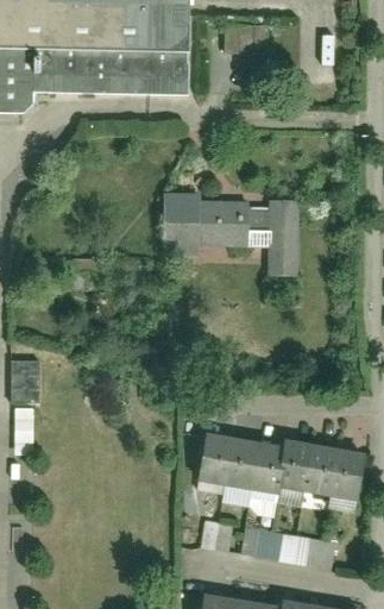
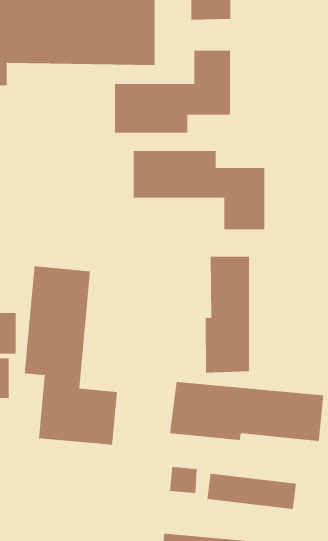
building: none -> [115,50,230,133]
building: none -> [205,256,249,373]
building: none -> [24,266,117,446]

